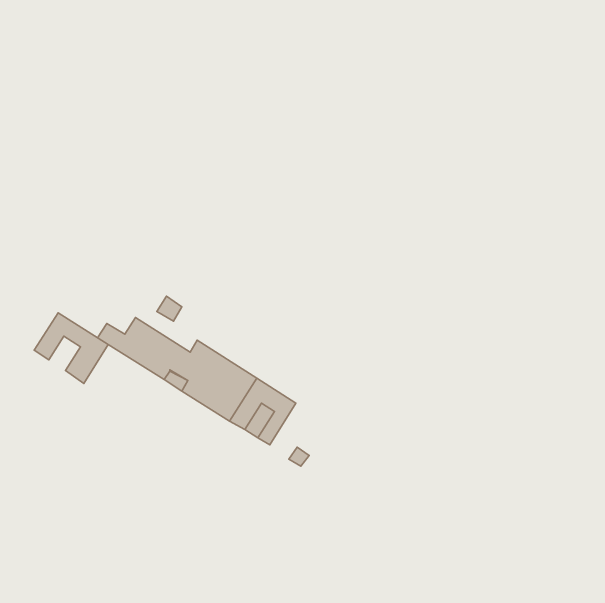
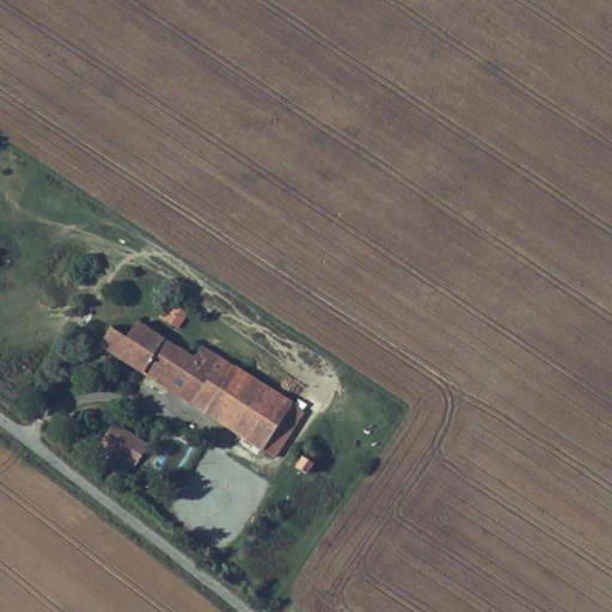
building: [34,313,108,383] -> none
building: none -> [102,422,149,465]

